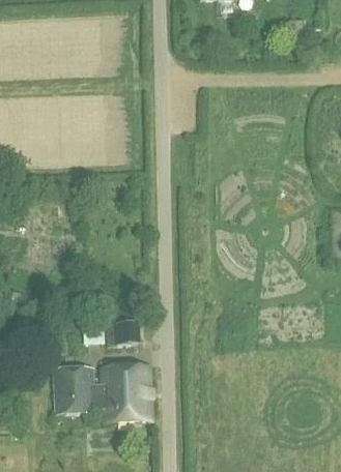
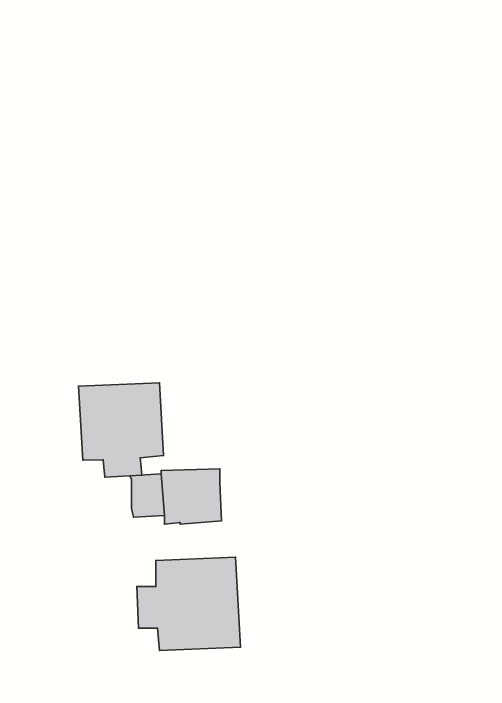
building: none -> [79,383,163,477]
building: [52,364,95,412] -> none

